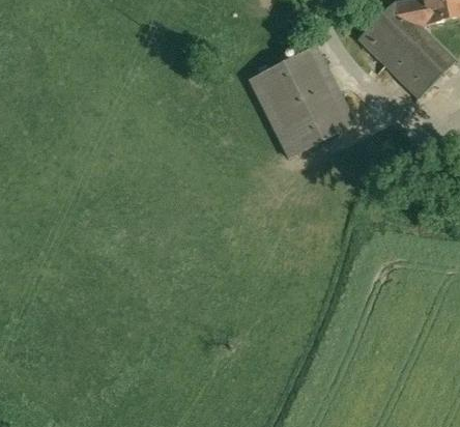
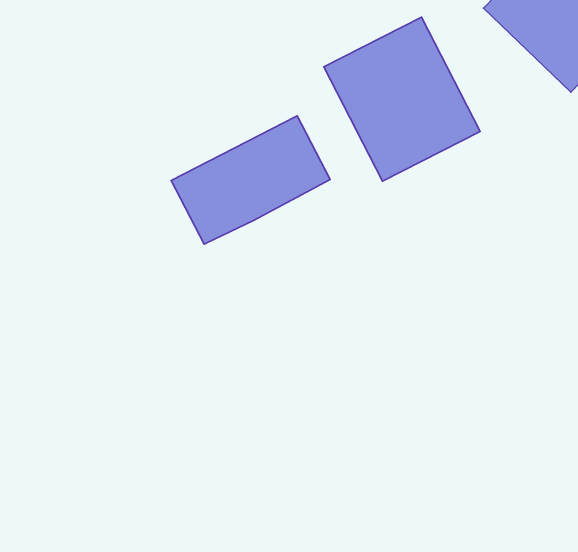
building: none -> [171,116,330,244]

